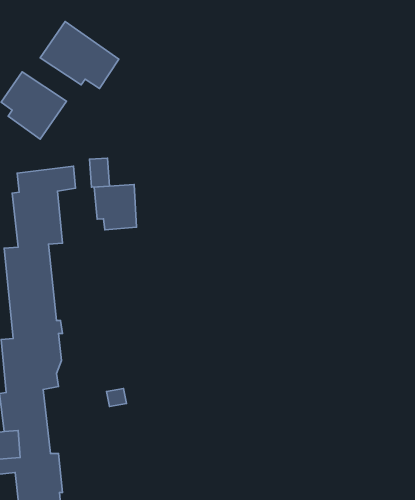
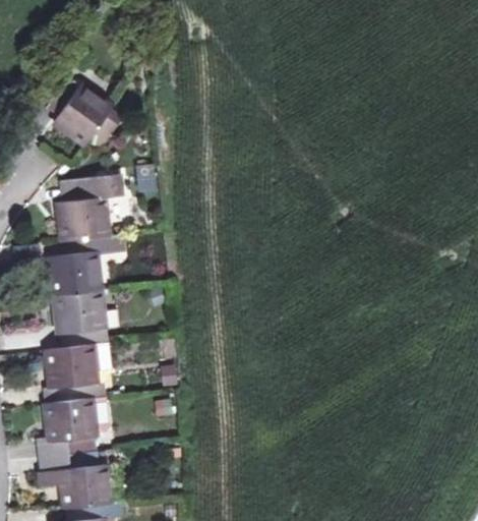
building: [40,22,119,88] -> none
building: [94,184,137,230] -> none

